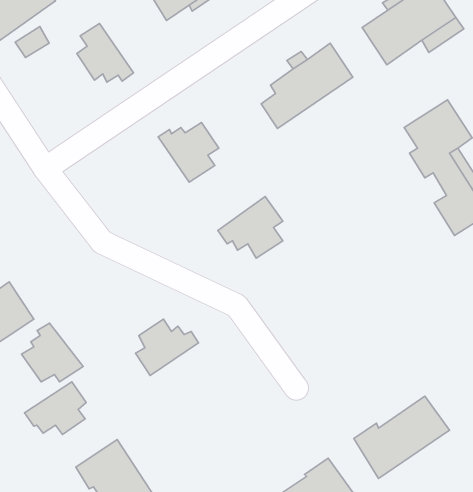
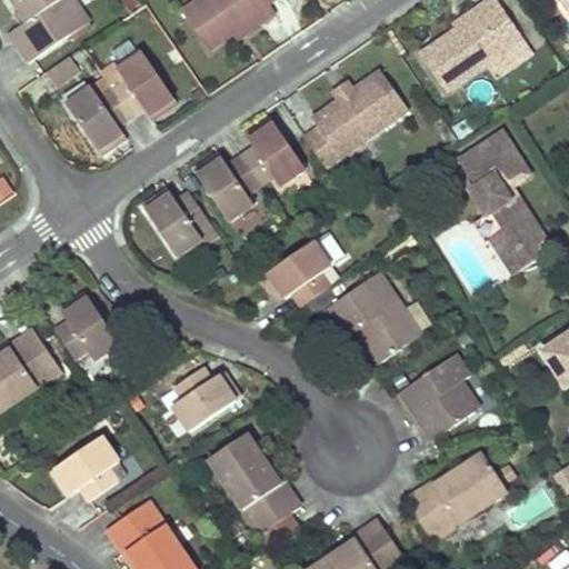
building: none -> [63,81,127,149]
building: none -> [242,120,306,189]
building: none -> [143,194,207,257]
building: none -> [319,272,421,359]
building: none -> [400,353,480,438]
building: [22,323,83,382] -> [54,291,121,355]
building: none -> [209,432,300,546]

